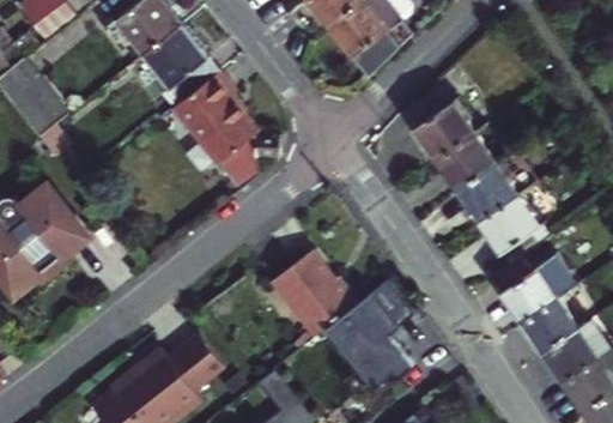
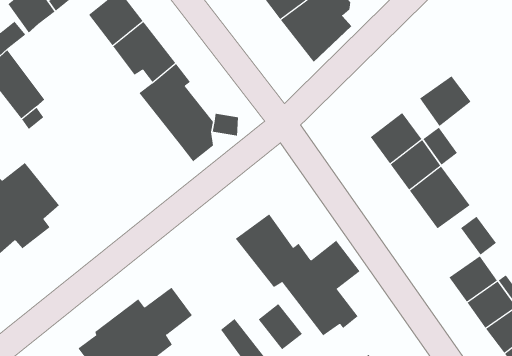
building: [407,101,467,159] -> [419,75,472,127]
building: [497,264,556,320] -> none
building: none -> [258,303,303,350]

